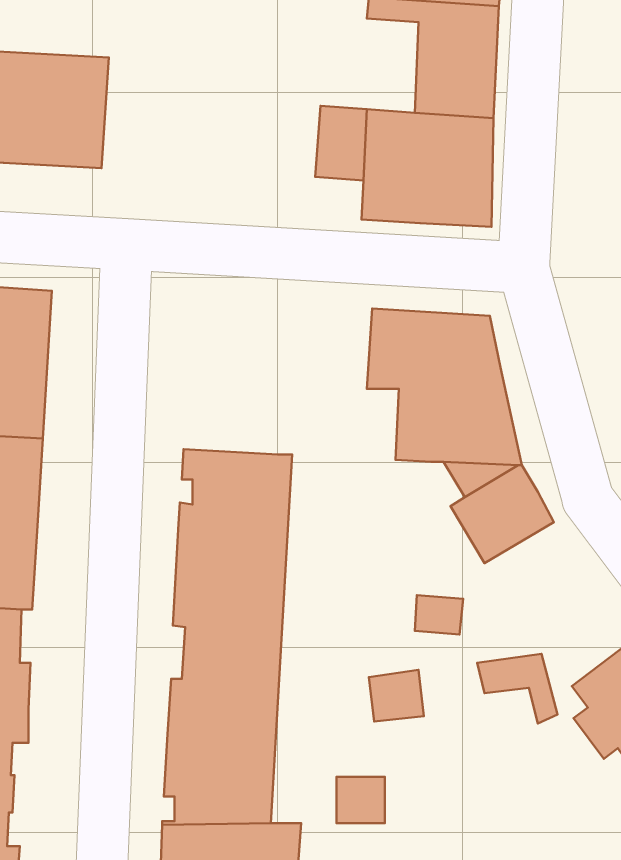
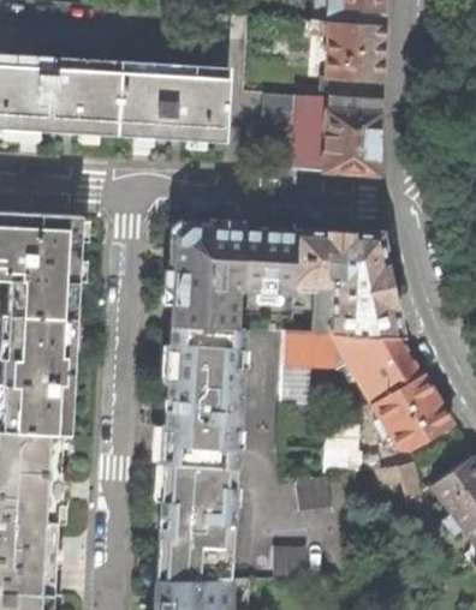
building: none -> [114,60,227,142]
building: none -> [161,222,297,328]
building: none -> [281,330,344,365]
building: none -> [370,373,451,451]

